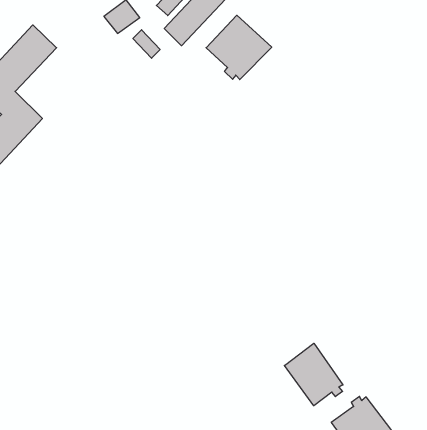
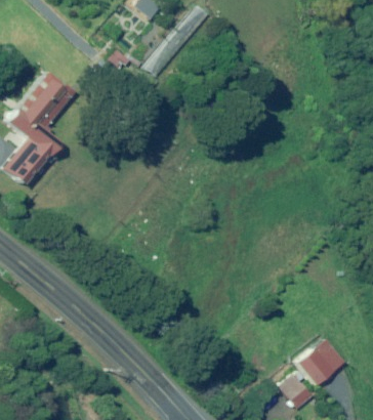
building: [206,15,272,80] -> none
building: [284,343,343,406] -> none

